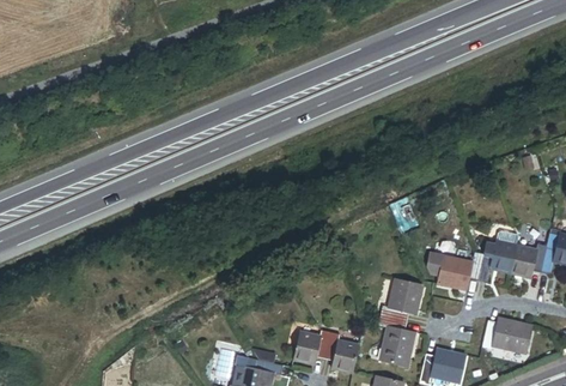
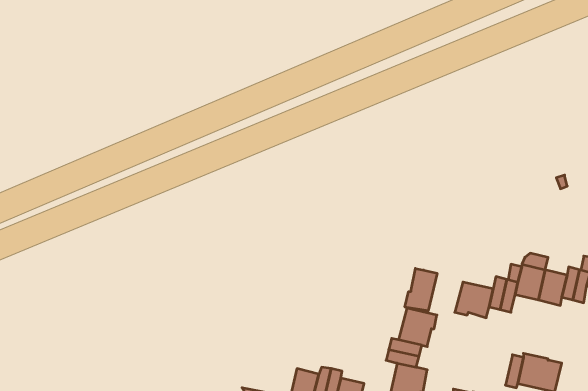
building: none -> [405,268,437,311]

